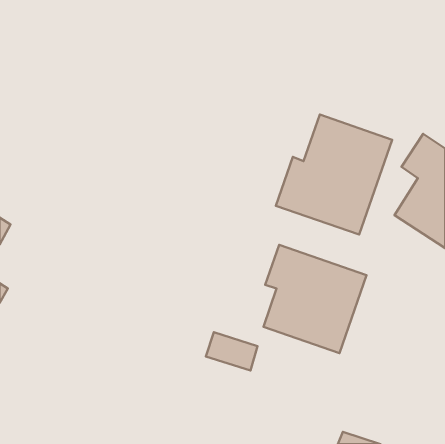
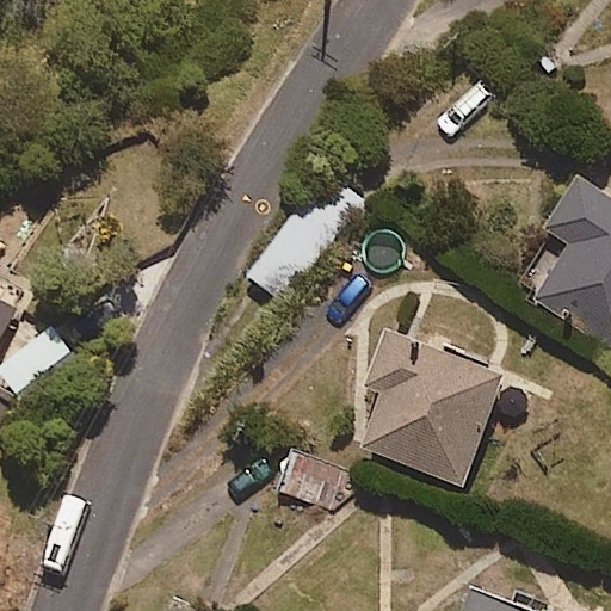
building: [276,114,392,235] -> none

